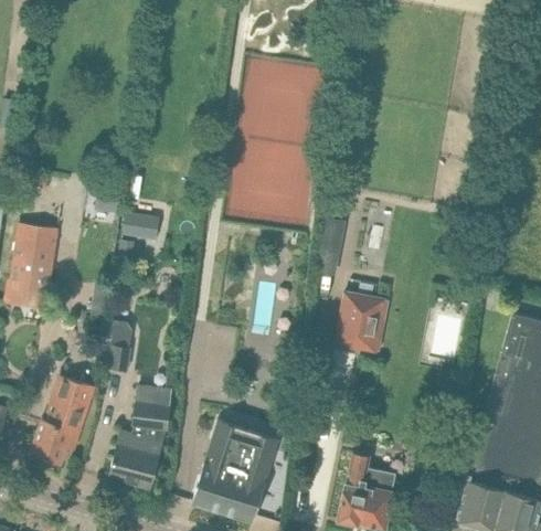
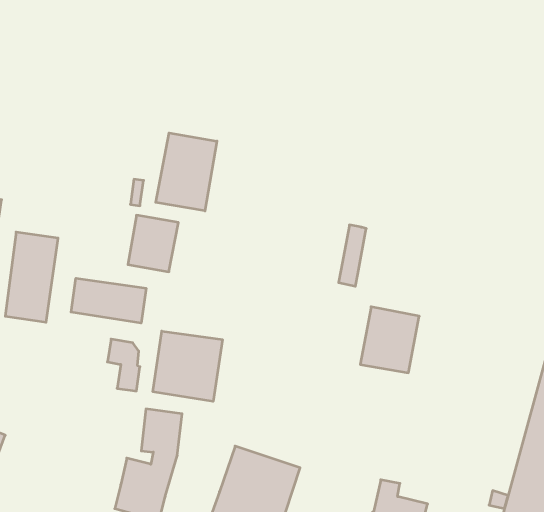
building: none -> [156,133,217,211]
building: none -> [71,278,146,323]
building: none -> [153,331,222,401]
building: [31,373,95,464] -> none

